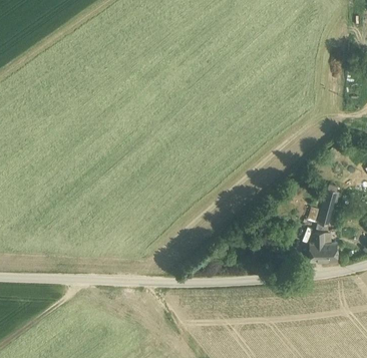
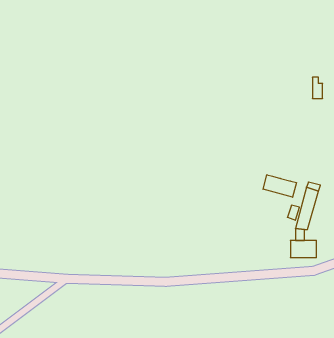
building: none -> [263,175,296,197]

